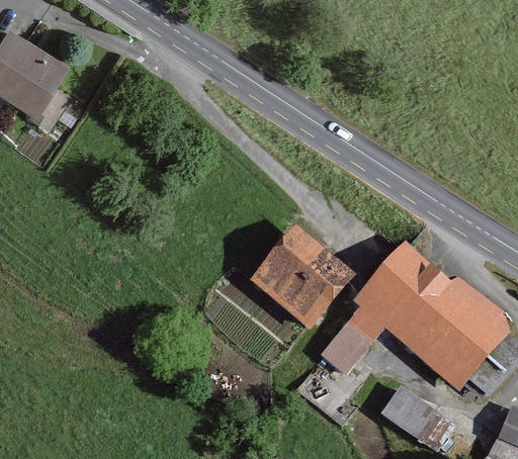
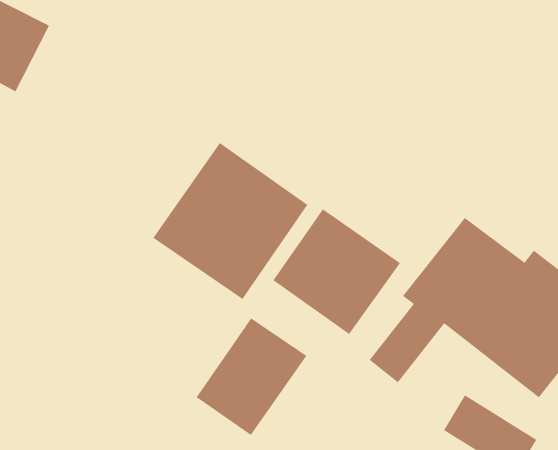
building: none -> [152,142,308,300]
building: none -> [196,318,307,436]

